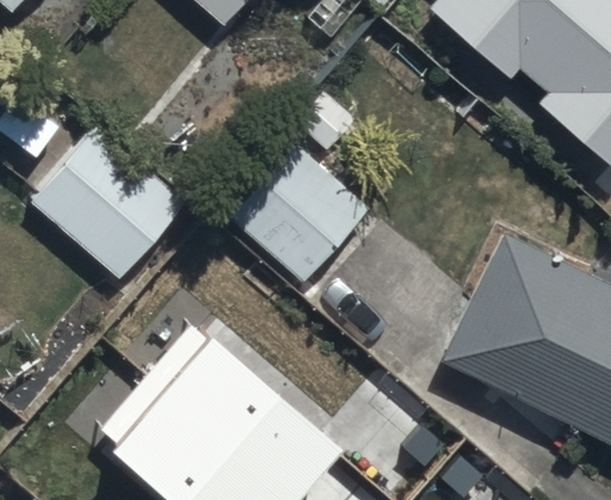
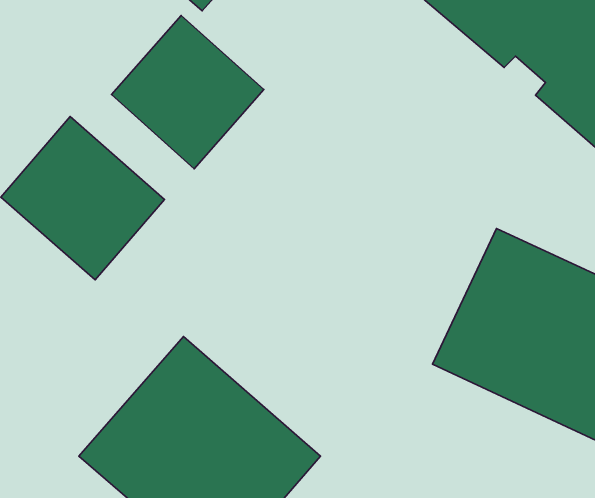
building: none -> [111,16,264,169]
building: [237,154,363,279] -> none

